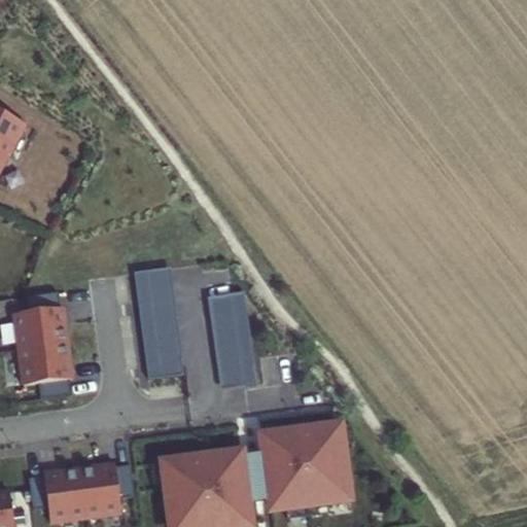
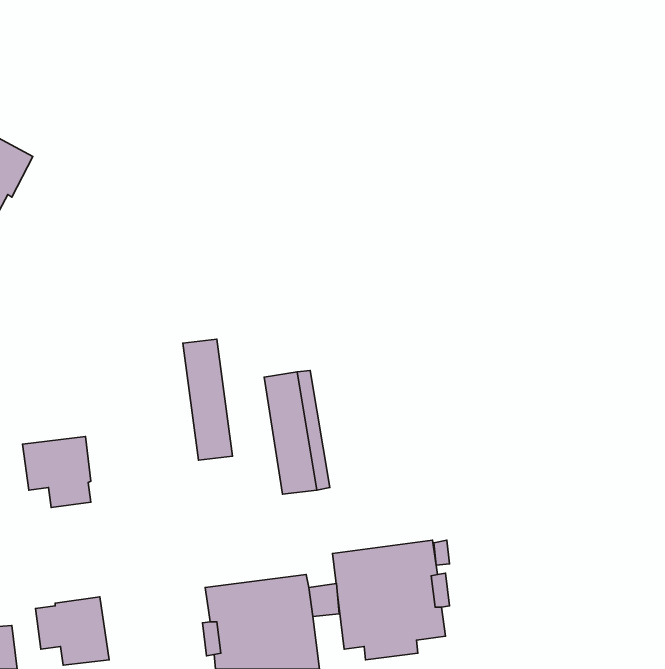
building: [133,269,184,378] -> none
building: [13,290,67,348] -> none
building: [78,463,134,517] -> none

